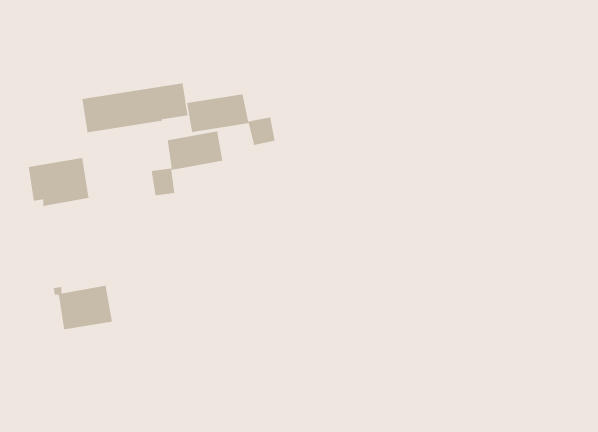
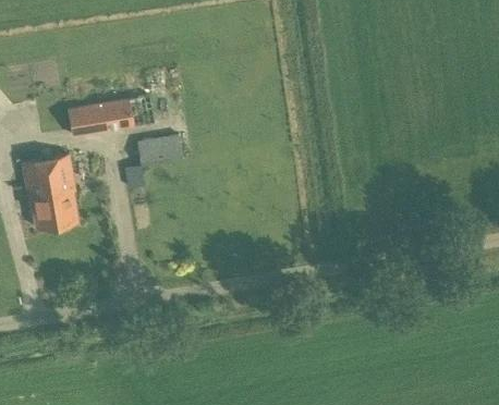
building: [186,93,276,146] -> none
building: [53,285,113,330] -> [28,188,77,225]

